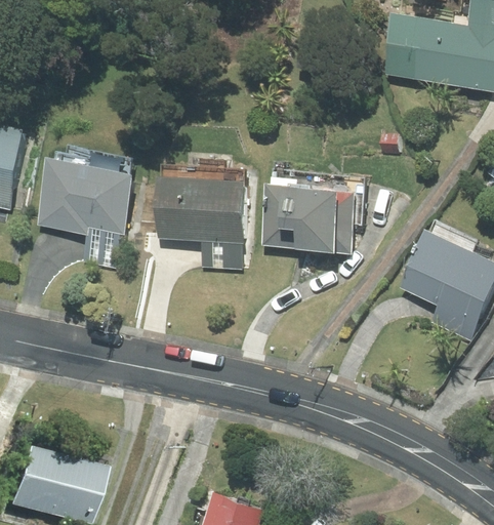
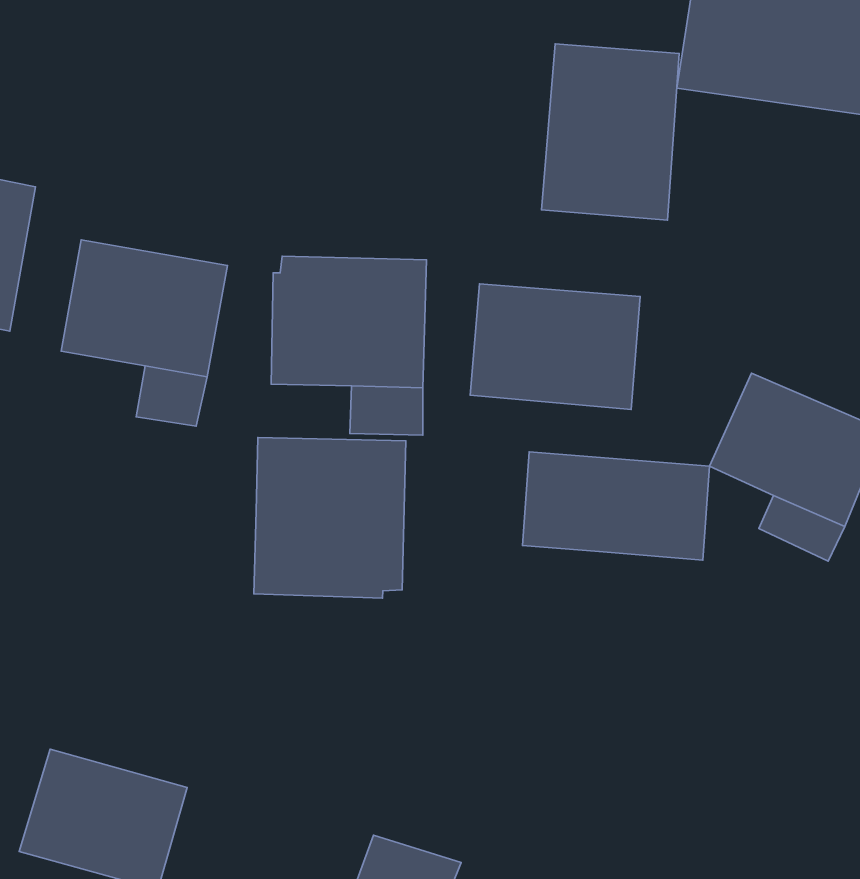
building: none -> [542,44,679,220]
building: none -> [254,438,406,598]
building: none -> [522,452,710,560]

